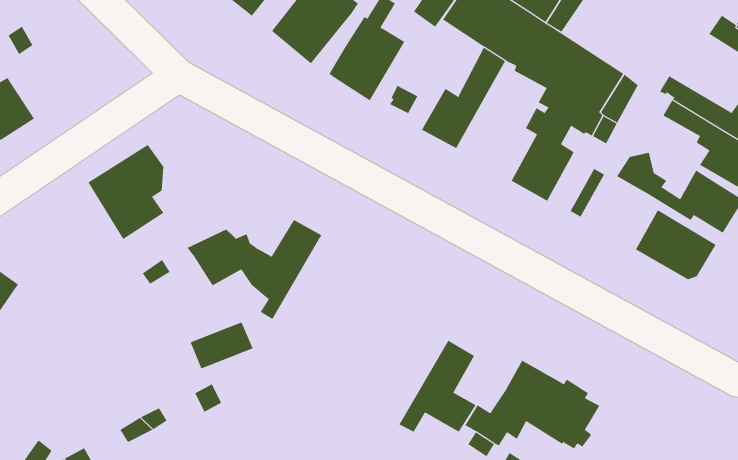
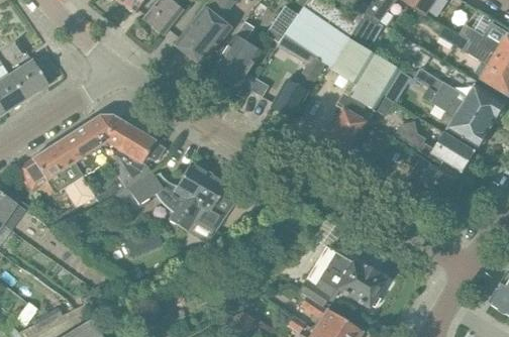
building: none -> [9,58,48,99]
building: none -> [98,114,165,181]
building: none -> [17,139,93,204]
building: [398,340,477,432] -> [177,173,226,231]

